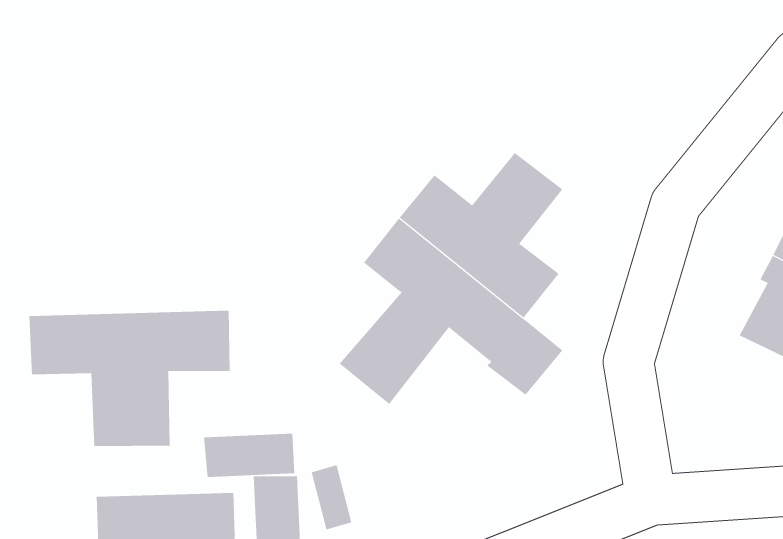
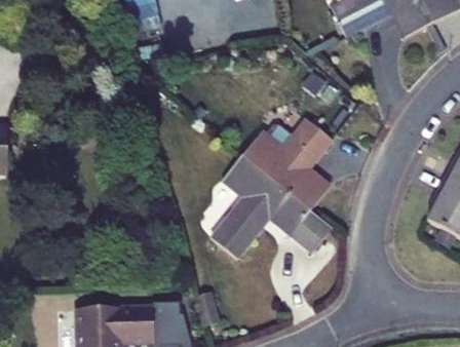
building: [29,310,230,447] -> none
building: [203,433,295,478] -> none

